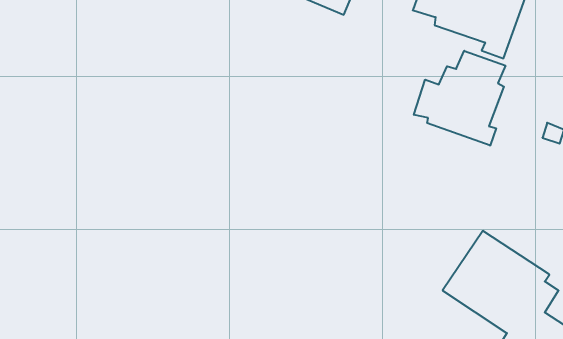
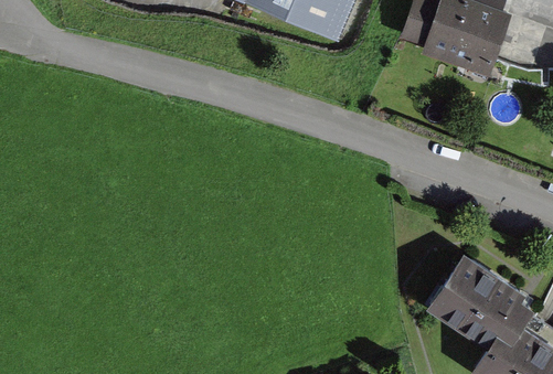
building: [414,51,505,146] -> none

